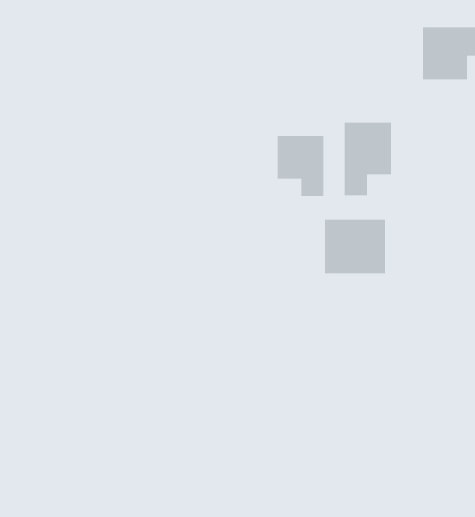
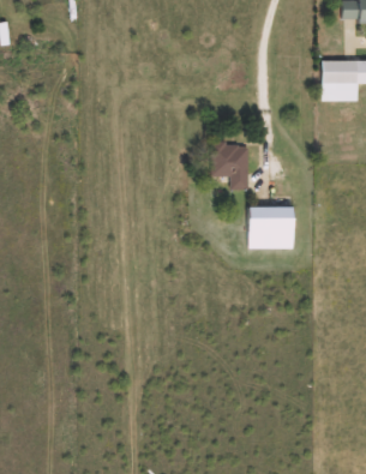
building: [344,122,392,196] -> none

